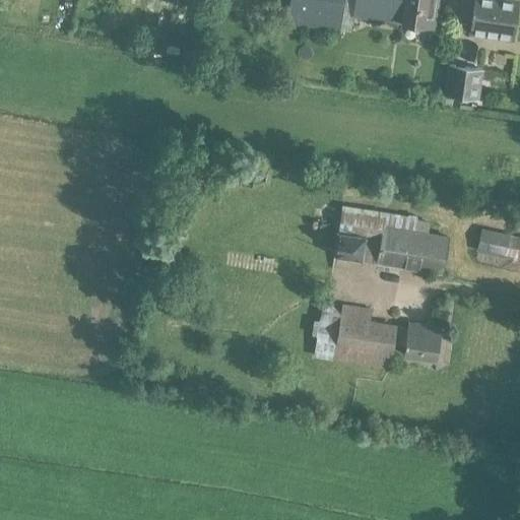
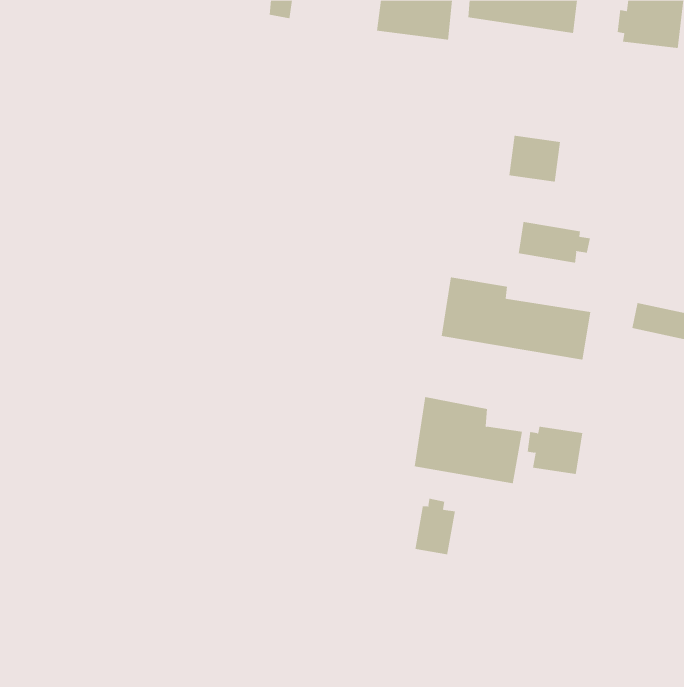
building: [445,63,484,99] -> [508,135,561,182]
building: none -> [518,221,590,263]
building: none -> [415,498,455,555]

